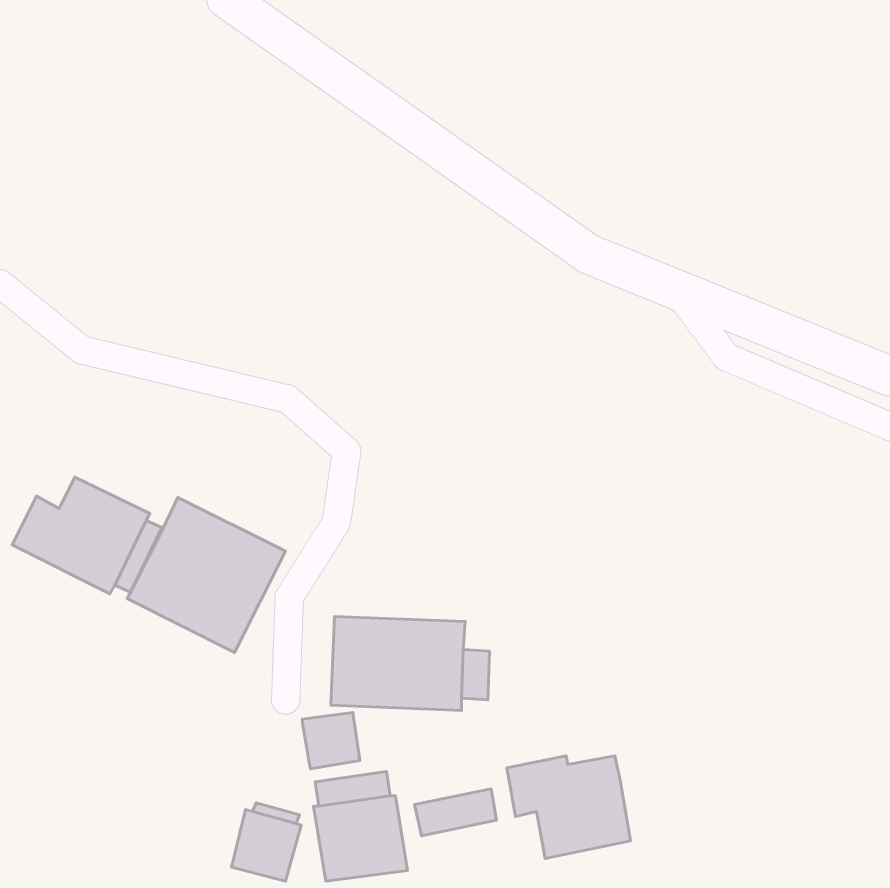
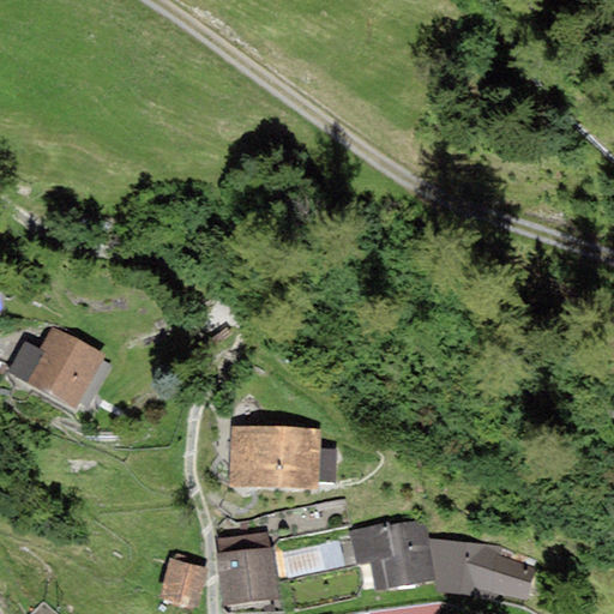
building: [127,497,285,652] -> none
building: [302,712,360,769] -> none
building: none -> [427,537,535,600]

